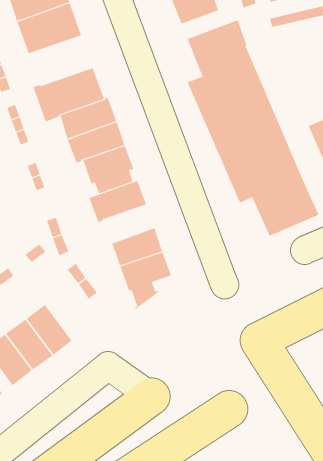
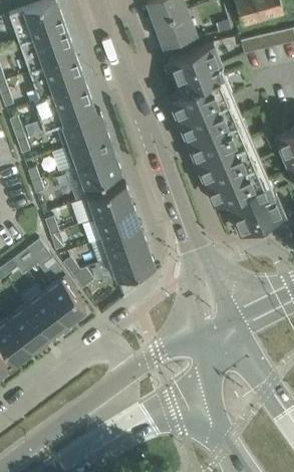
building: none -> [28,57,85,101]
building: none -> [94,206,139,240]
building: none -> [43,280,85,325]

